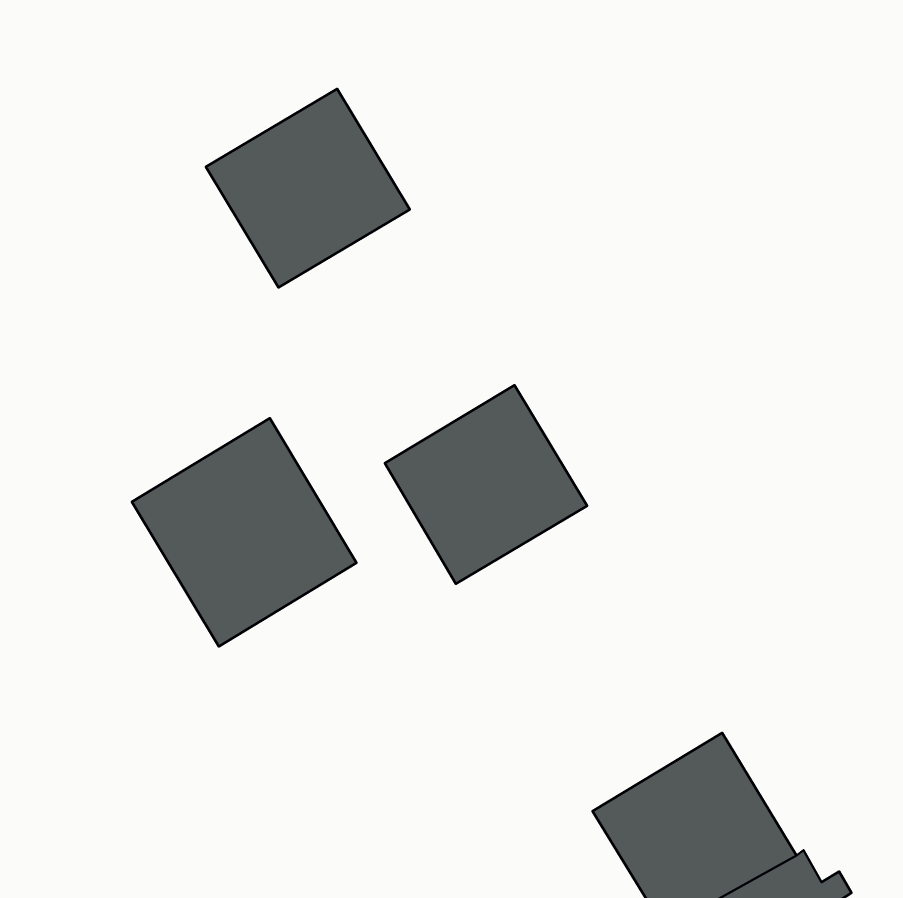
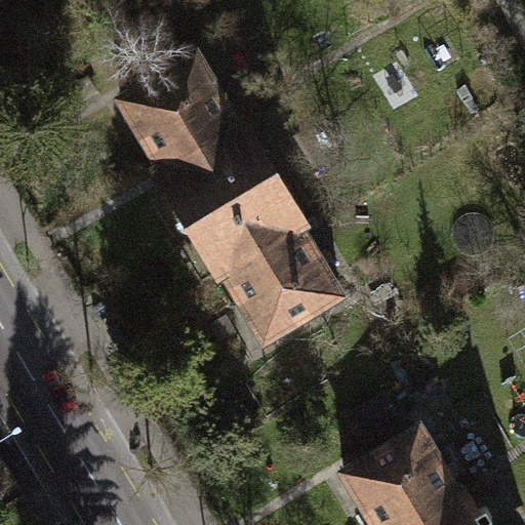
building: none -> [158,124,301,275]
building: [132,418,357,647] -> none

